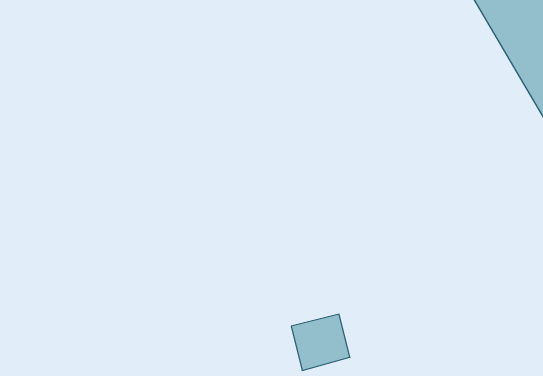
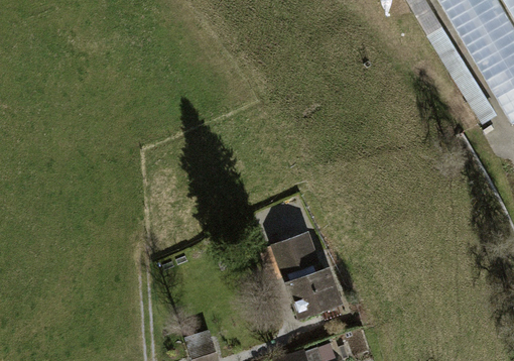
building: none -> [269,227,320,274]

